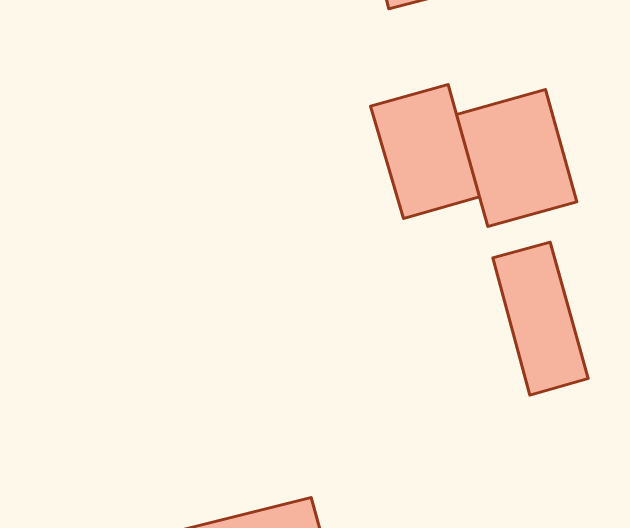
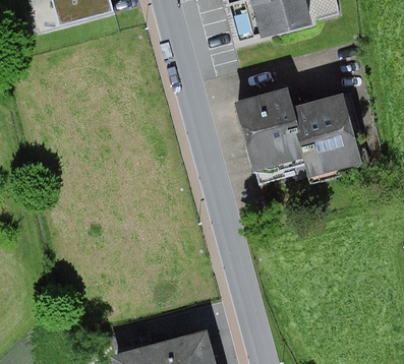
building: [493,242,588,395] -> none

